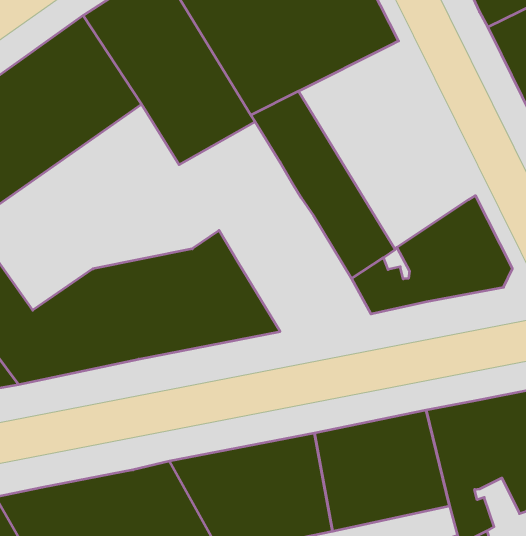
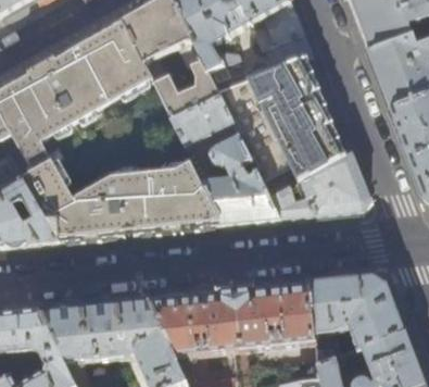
building: none -> [249,57,346,182]
building: none -> [172,96,234,149]
building: none -> [202,136,280,225]

